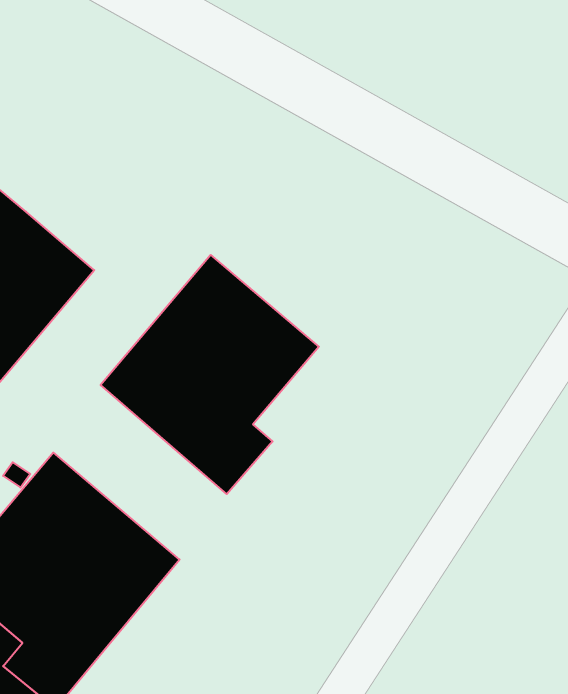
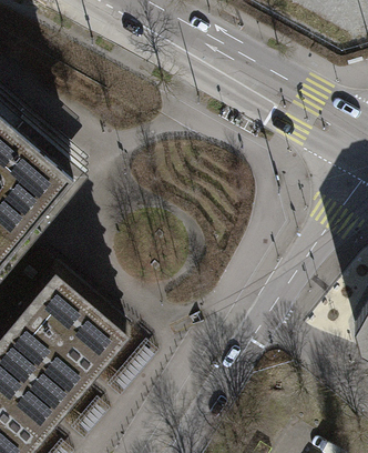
building: [101,255,319,494] -> none

